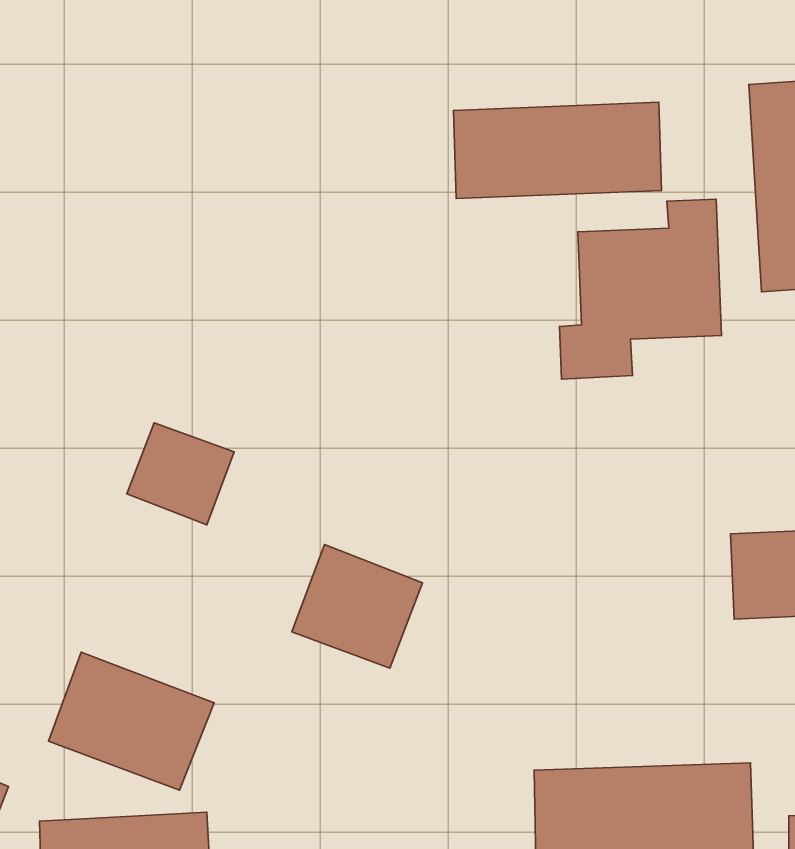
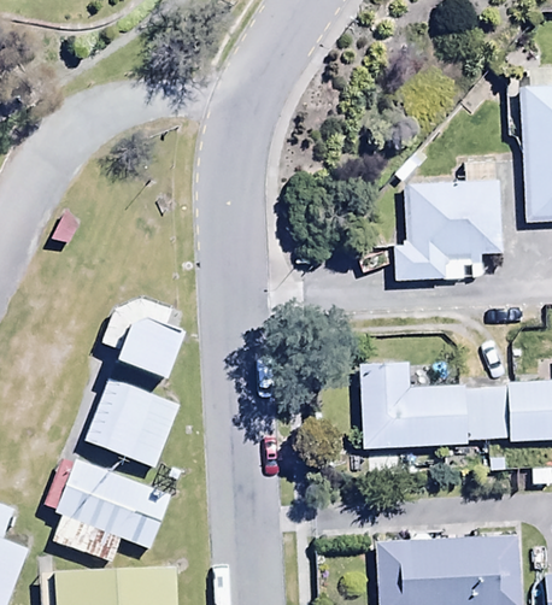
building: [453,102,662,199] -> none
building: none -> [358,362,506,447]
building: [292,545,423,668] -> [88,382,175,464]

